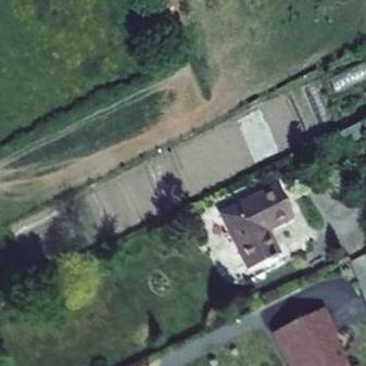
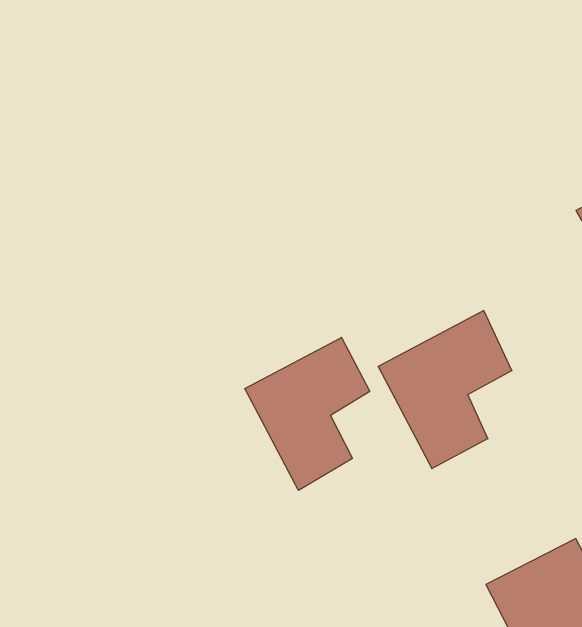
building: none -> [245,337,370,490]

